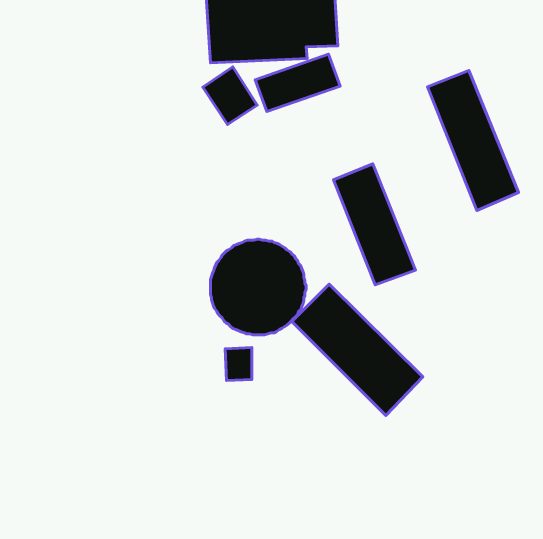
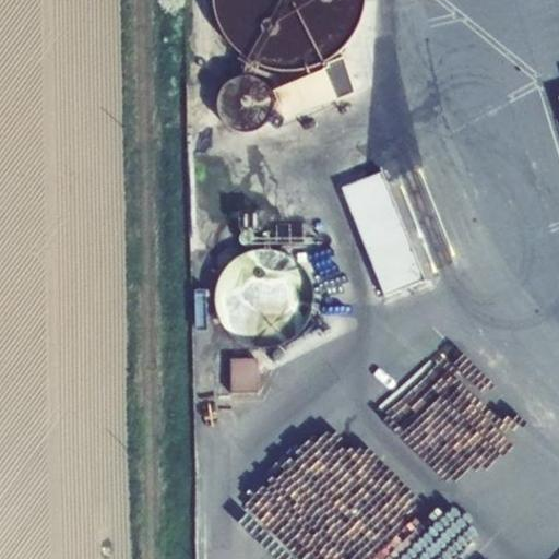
building: [428,71,518,211] -> none
building: [292,284,423,416] -> none

